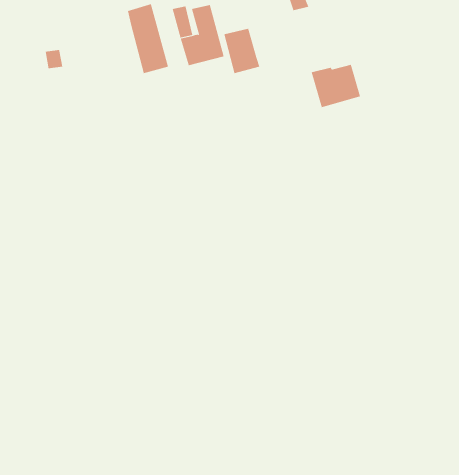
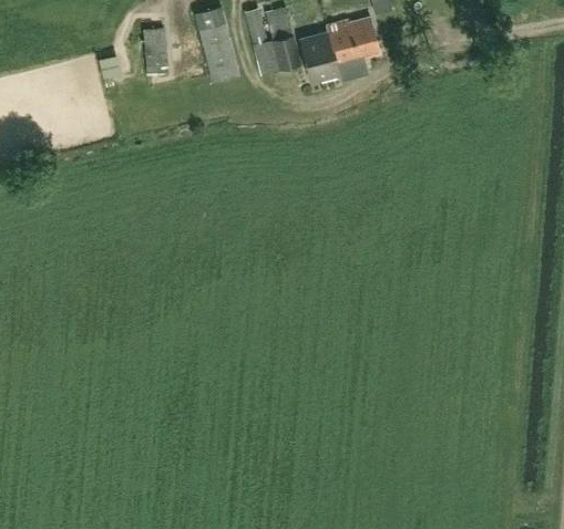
building: none -> [144,29,170,75]
building: [311,64,361,108] -> [326,18,380,65]

